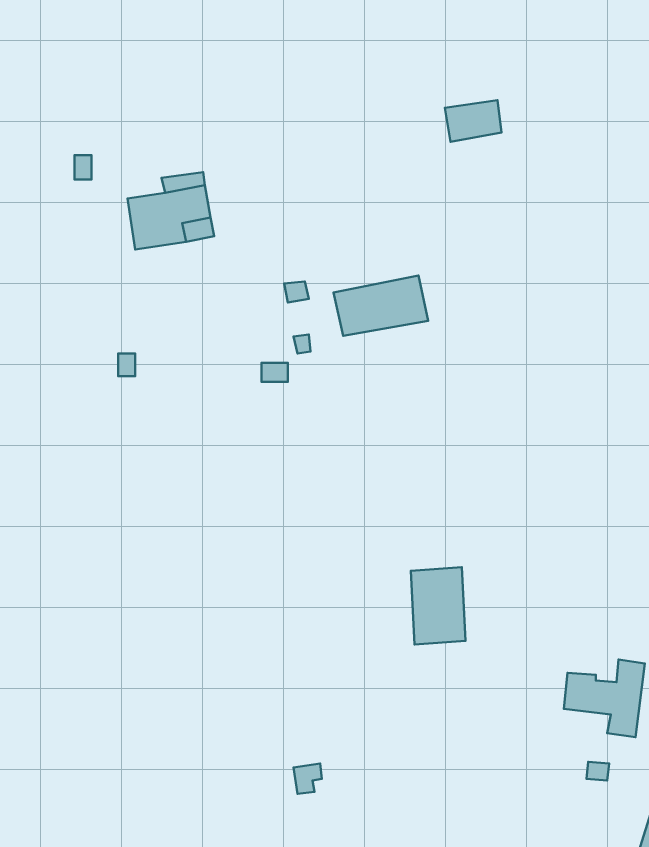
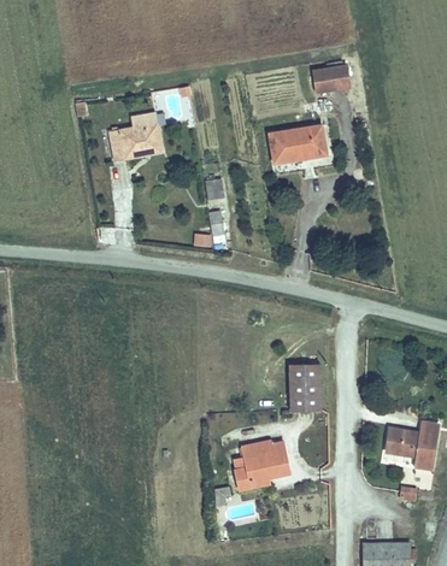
building: [334,275,428,336] -> [266,124,327,163]
building: none -> [236,441,289,493]

